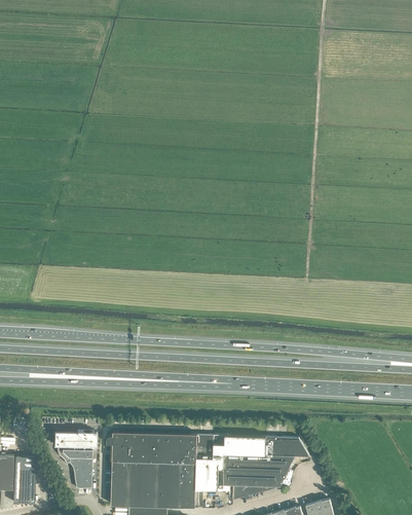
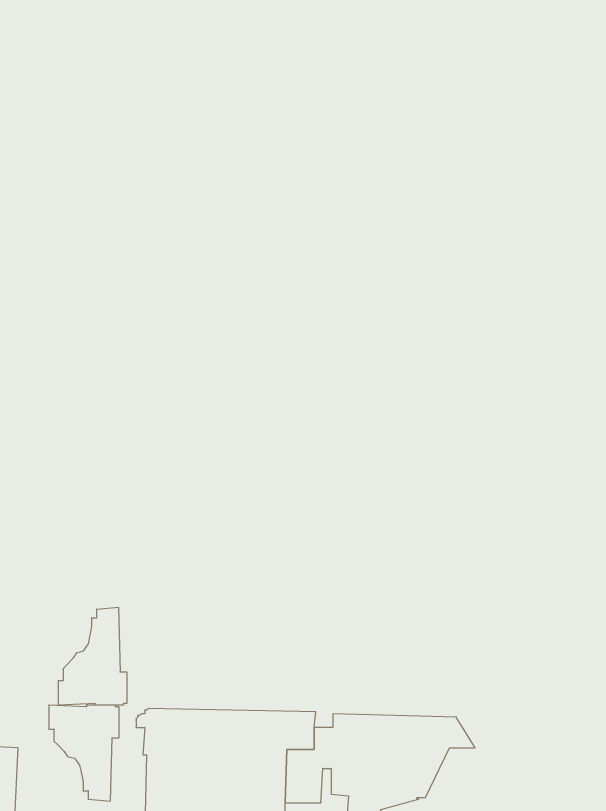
building: none -> [58,607,127,705]

